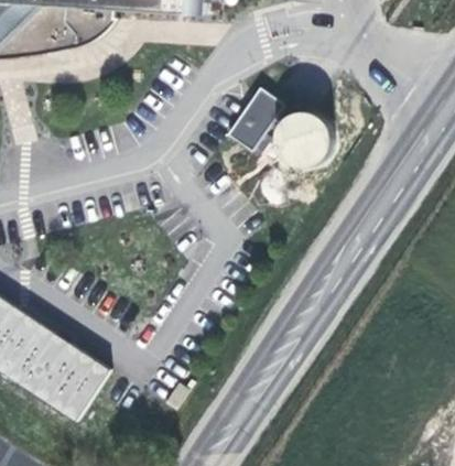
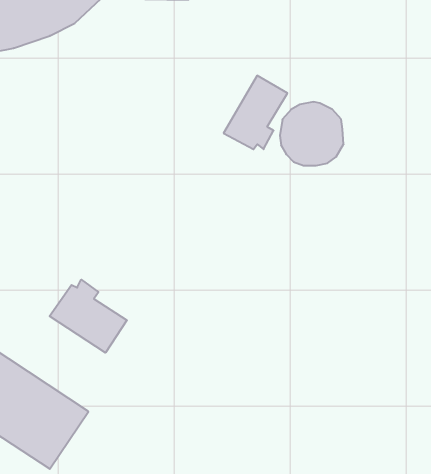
building: none -> [50,280,127,353]

